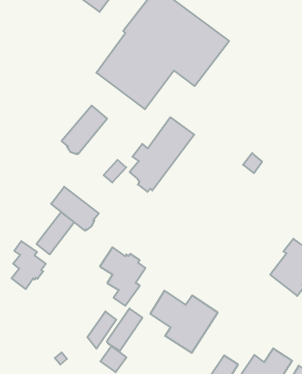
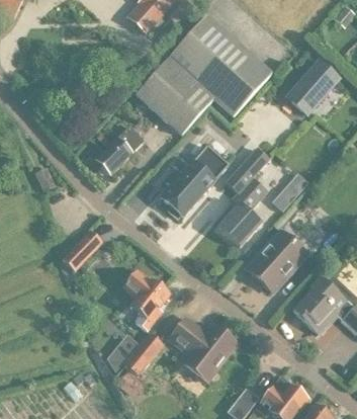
building: none -> [287,59,340,113]
building: none -> [217,147,269,247]
building: [51,187,99,231] -> none
building: none -> [247,229,307,290]
building: [12,241,46,289] -> none

